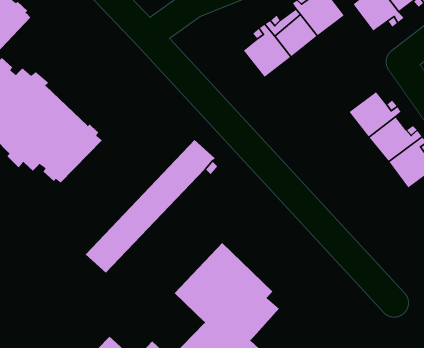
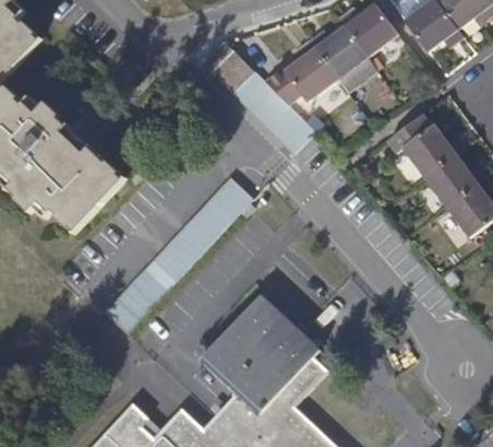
building: none -> [204,44,314,157]

